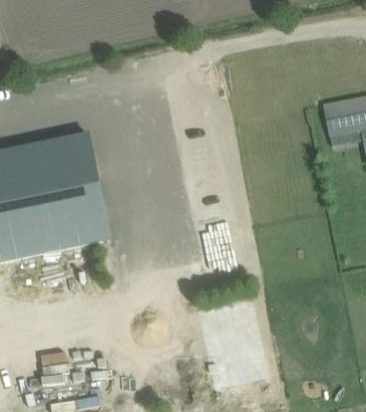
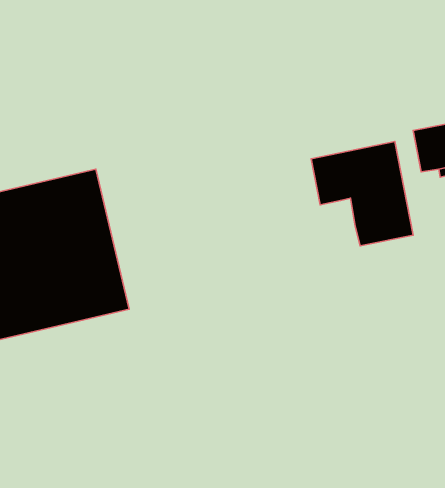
building: none -> [311,141,413,246]

